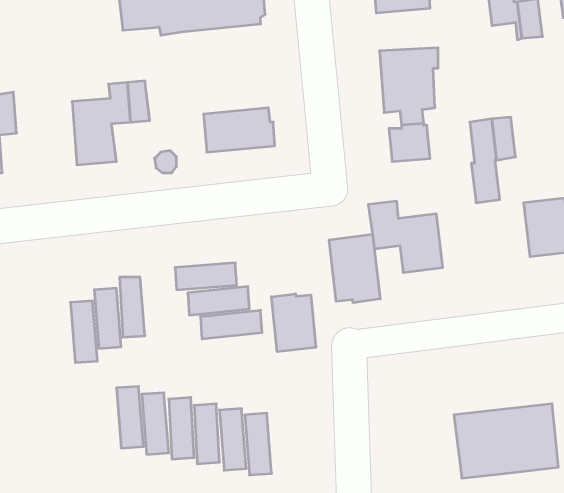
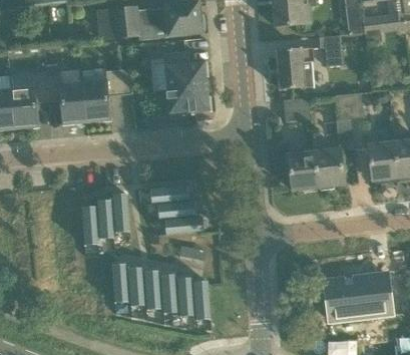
building: none -> [320,34,343,65]
building: none -> [163,50,209,89]
building: none -> [46,62,86,124]
building: none -> [314,149,345,187]
building: [329,234,380,303] -> none
building: [271,294,316,352] -> none

